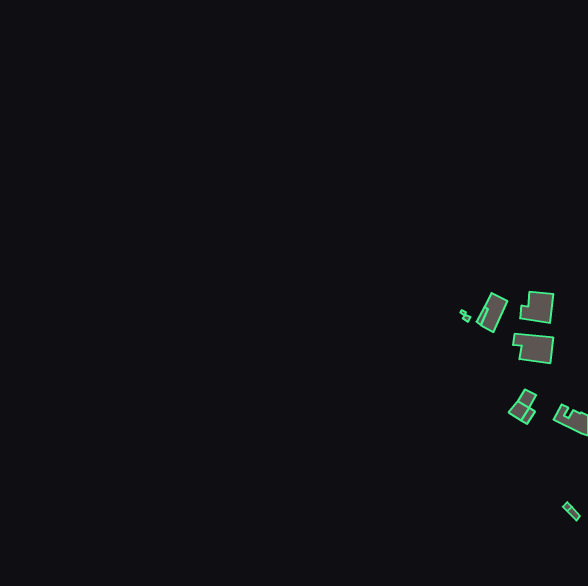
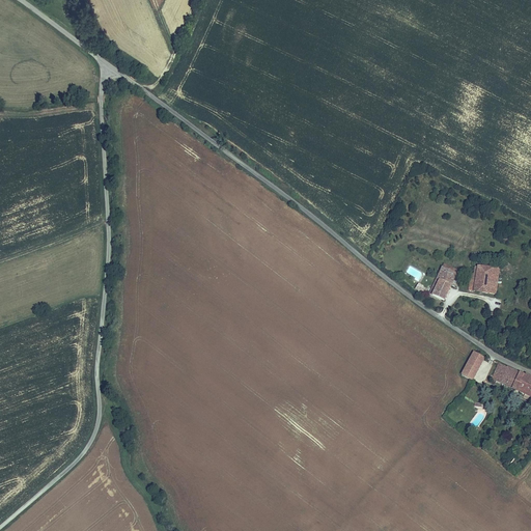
building: [513,334,553,363] -> none

